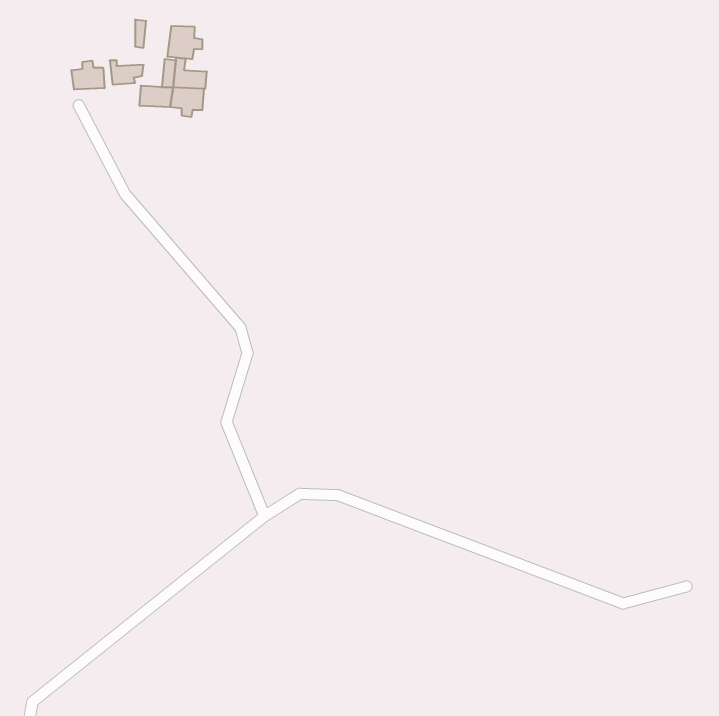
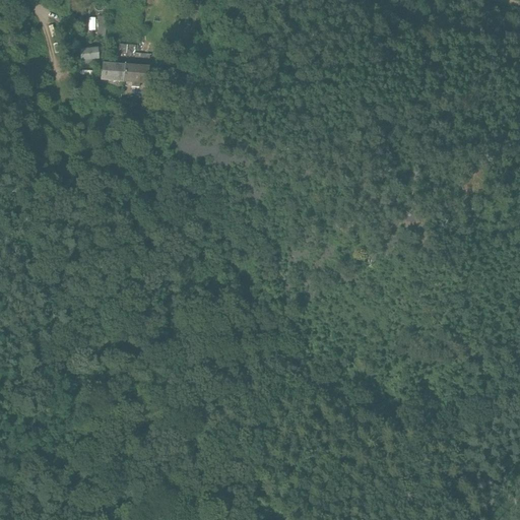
building: [168,26,202,59] -> none
building: [71,61,104,90] -> none

